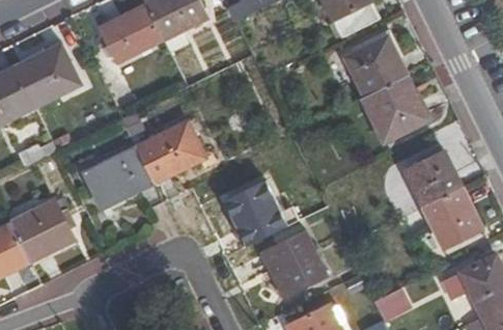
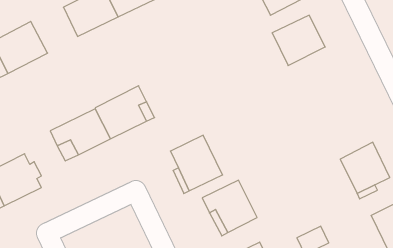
building: [360,75,425,142] -> none
building: [404,152,462,207] -> none

